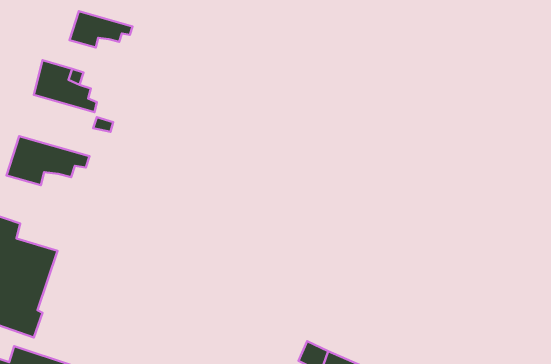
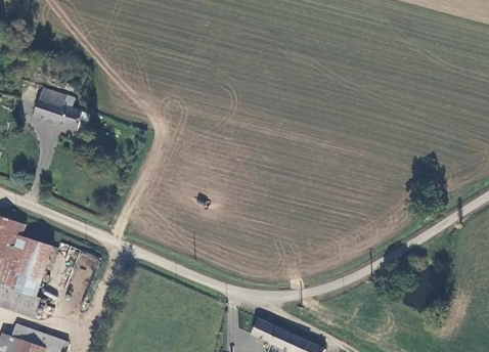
building: [69,11,133,48] -> none
building: [6,136,89,185] -> none

